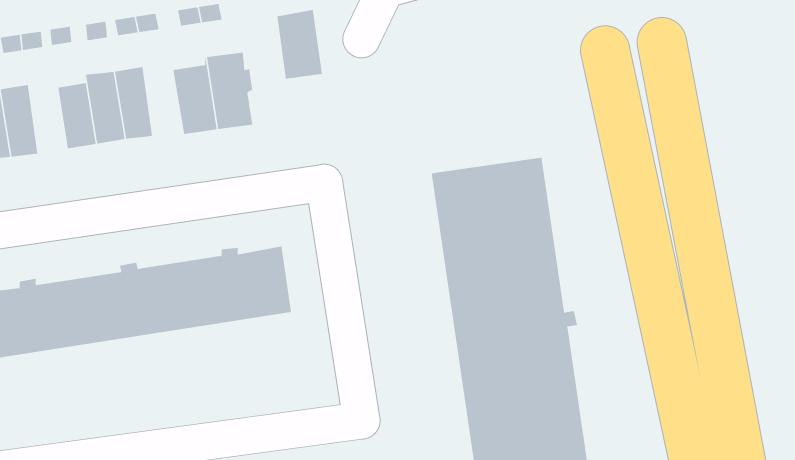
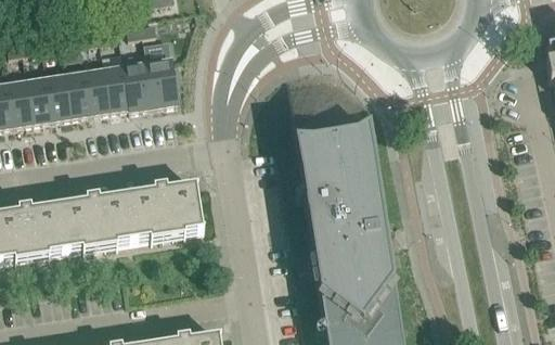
building: [277,9,323,80] -> none
building: none -> [103,62,130,108]
building: none -> [26,74,52,120]

